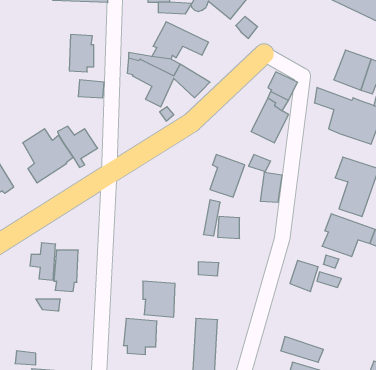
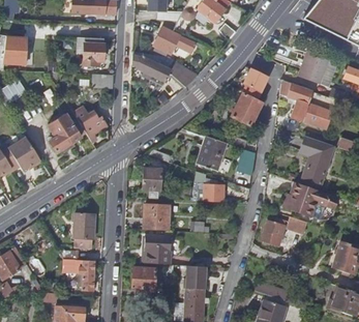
building: none -> [142,165,161,199]
building: none -> [143,204,169,231]
building: [30,243,56,280] -> [73,261,94,291]

